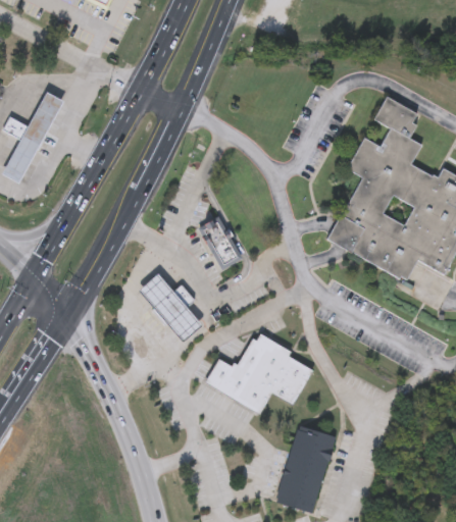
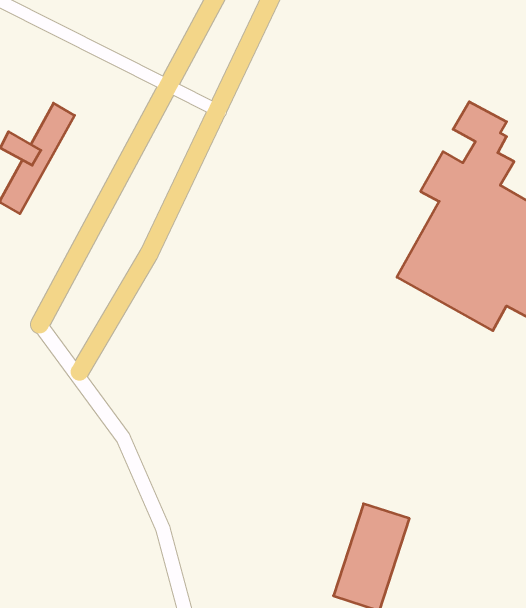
building: [197,214,242,269] -> none
building: [138,271,203,342] -> none
building: [204,333,313,412] -> none

